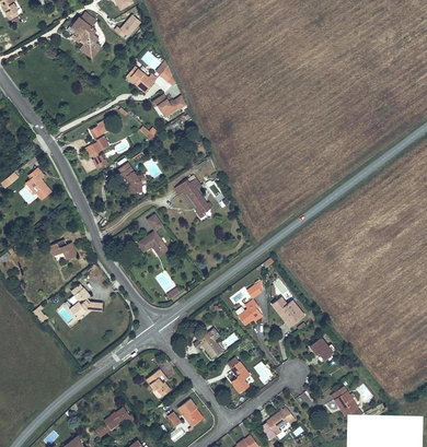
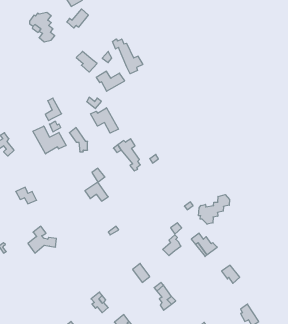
building: none -> [113,39,143,74]
building: none -> [91,108,118,133]
building: none -> [33,126,66,154]
building: none -> [199,195,229,224]

